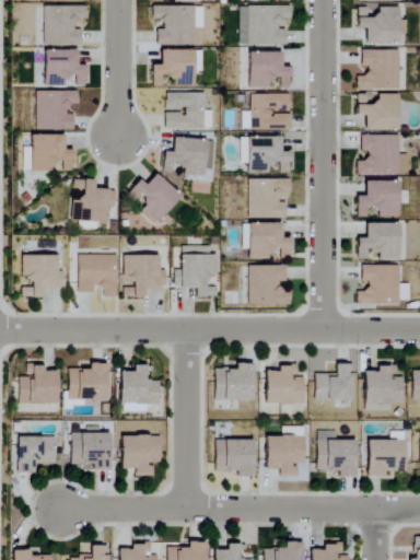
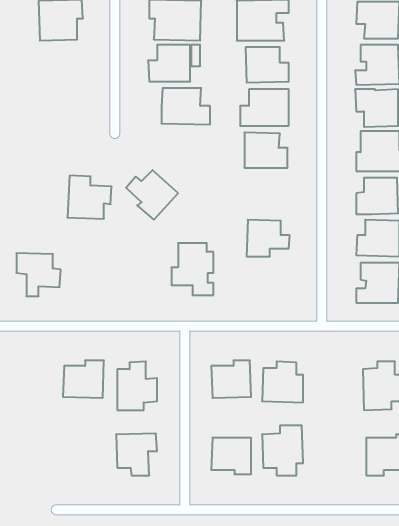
building: [45,50,88,86] -> none
building: [37,91,80,130] -> none
building: [32,136,74,172] -> none
building: [165,139,215,176] -> none
building: [249,179,290,219] -> none
building: [79,254,119,298] -> none
building: [124,256,167,299] -> none
building: [249,266,293,305] -> none
building: [20,363,59,404] -> none
building: [316,363,354,400] -> none
building: [317,430,358,477] -> none
building: [72,432,112,469] -> none
building: [19,435,68,471] -> none

